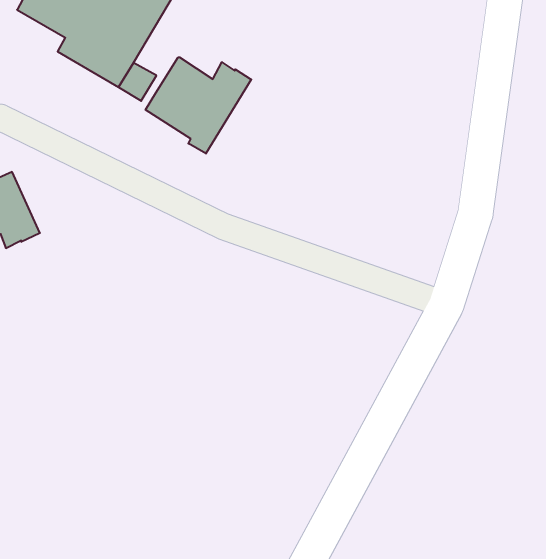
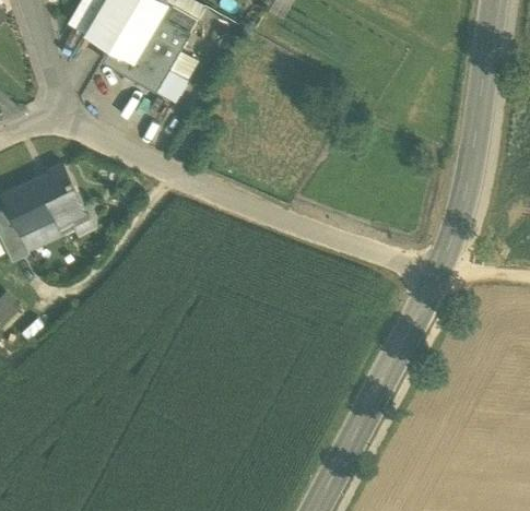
building: [146,57,251,154] -> none

